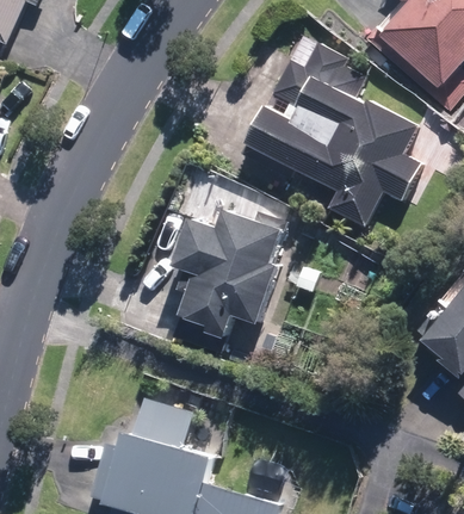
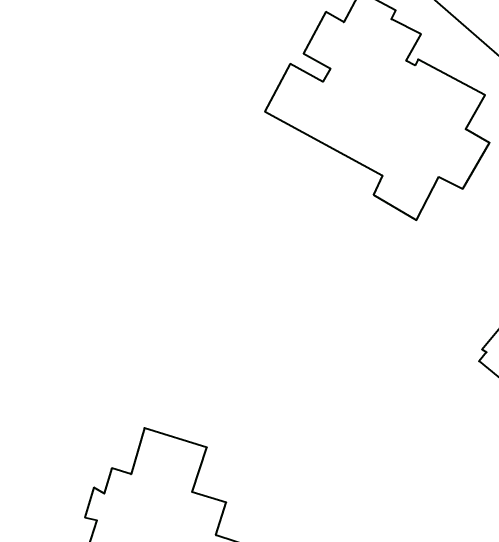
building: [168,208,287,354] -> none

